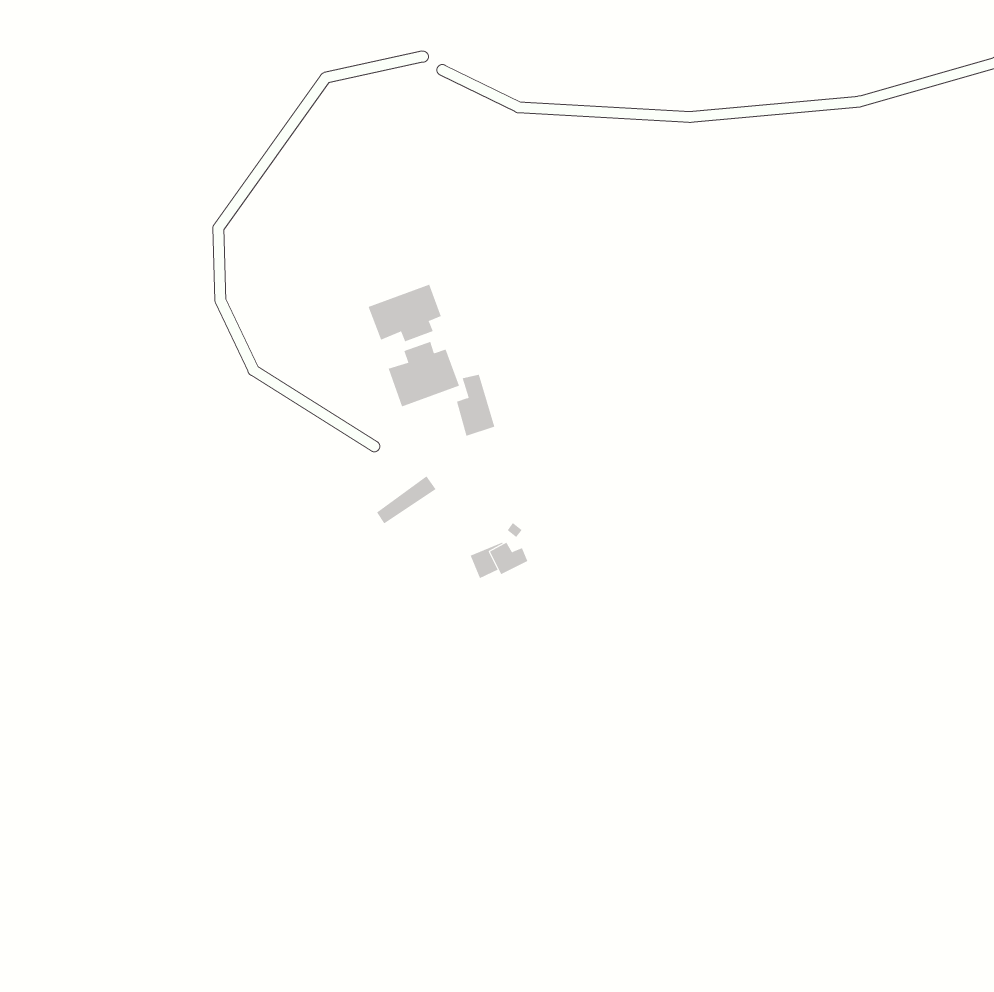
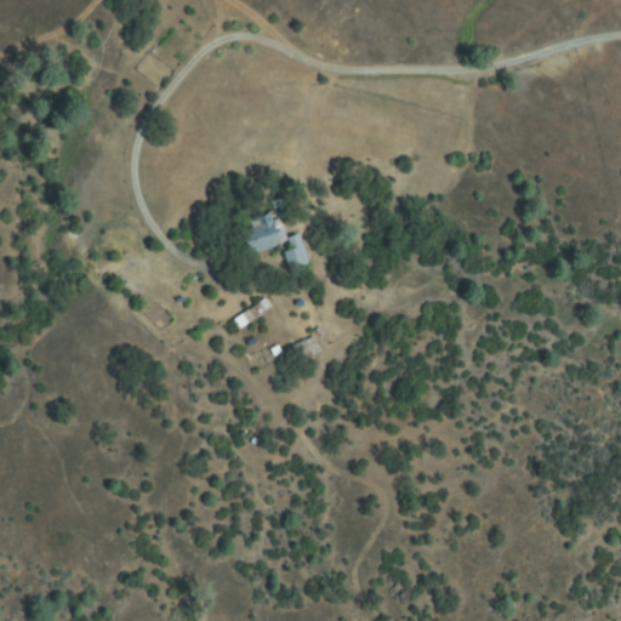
building: [368,284,441,342] -> none

